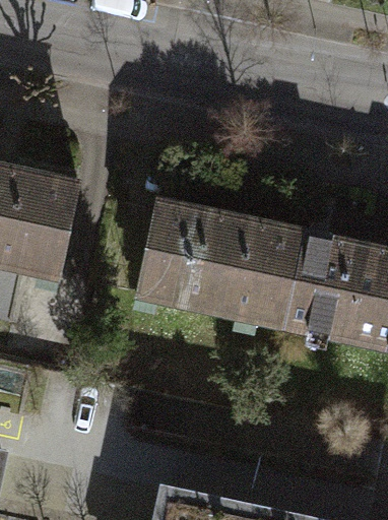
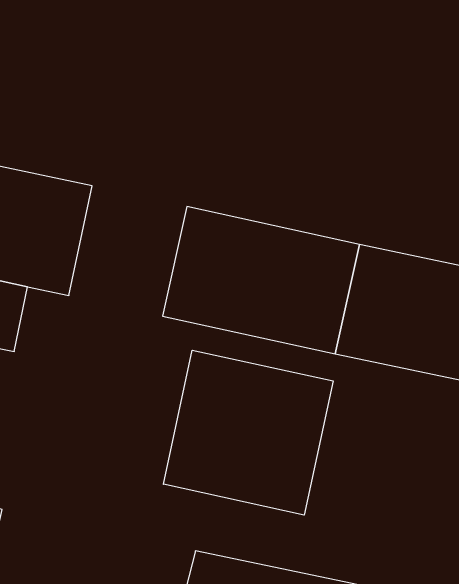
building: none -> [163,350,333,515]

